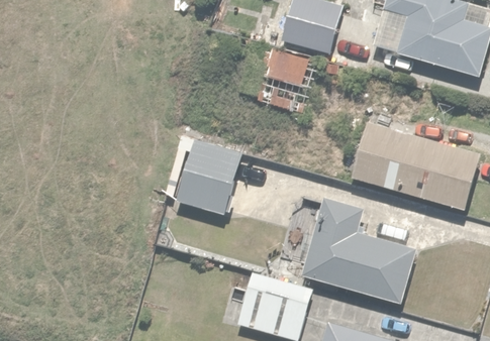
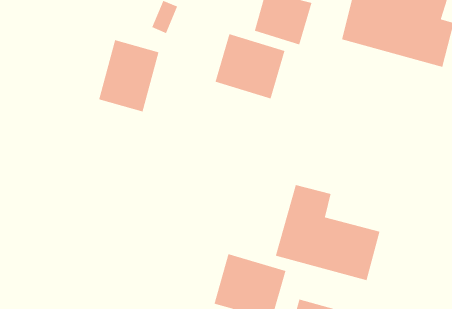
building: [351,121,477,208] -> none
building: [177,138,241,215] -> [98,39,160,112]

